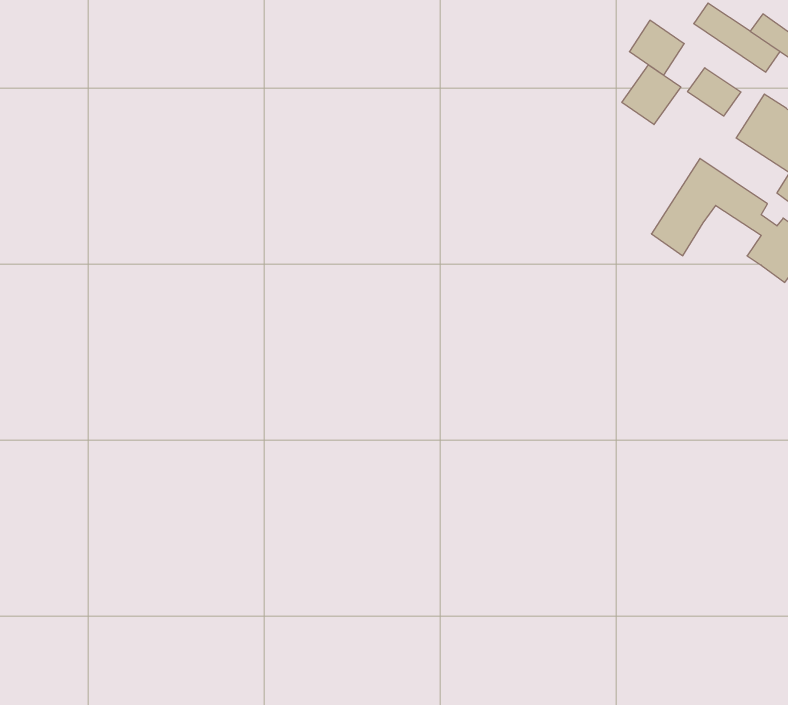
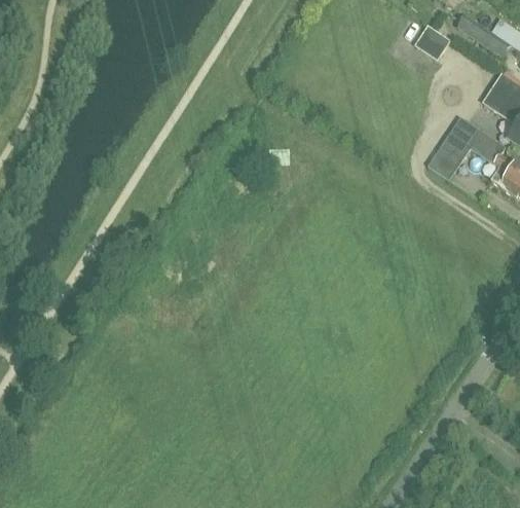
building: [622,65,681,125] -> none
building: [688,68,741,116] -> none

